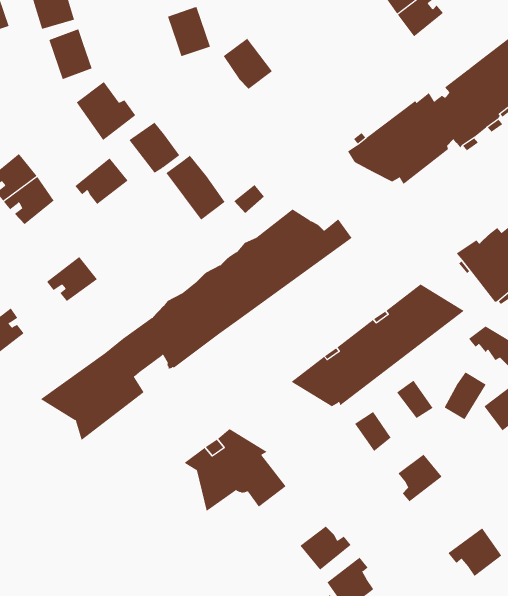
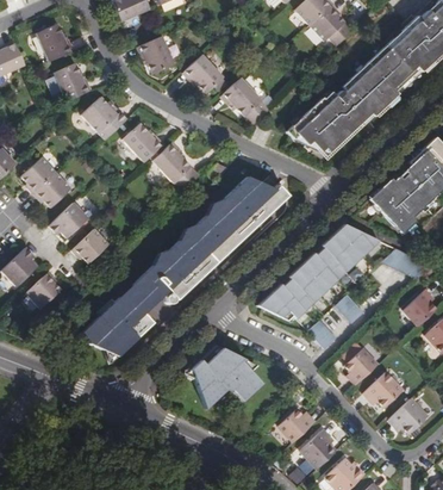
building: none -> [222,77,261,117]
building: [75,158,128,205] -> [48,203,87,238]
building: [444,372,487,420] -> none
building: none -> [362,371,403,408]

